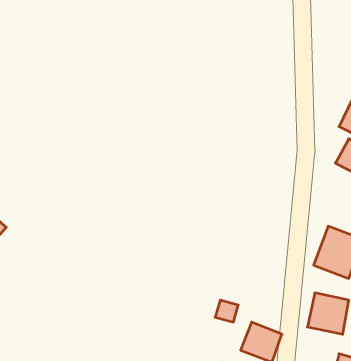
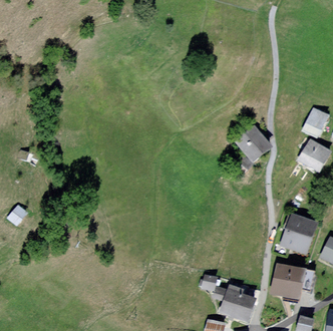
building: none -> [235,123,269,163]

